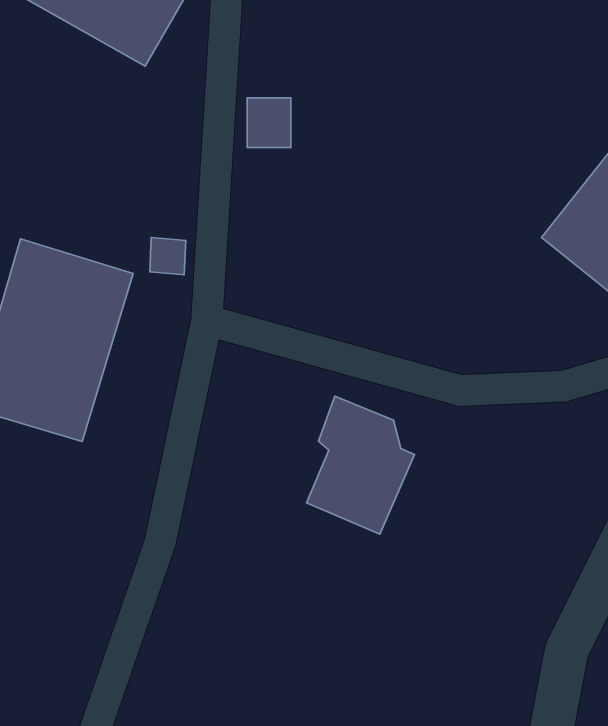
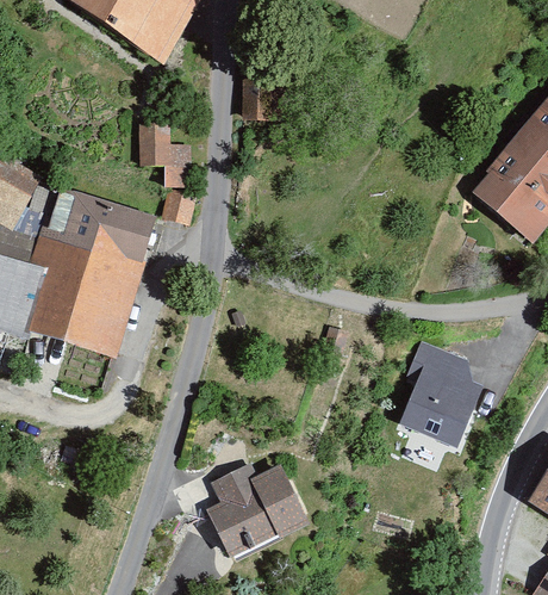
building: none -> [139,123,191,187]
building: [306,396,414,534] -> [397,340,482,450]
building: none -> [208,465,305,556]

